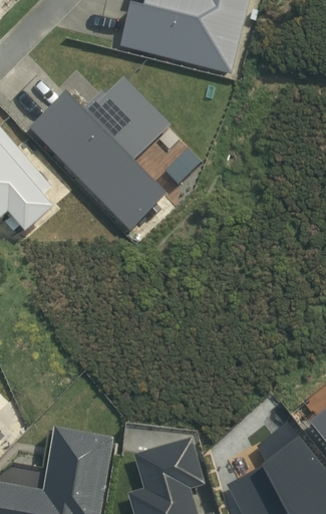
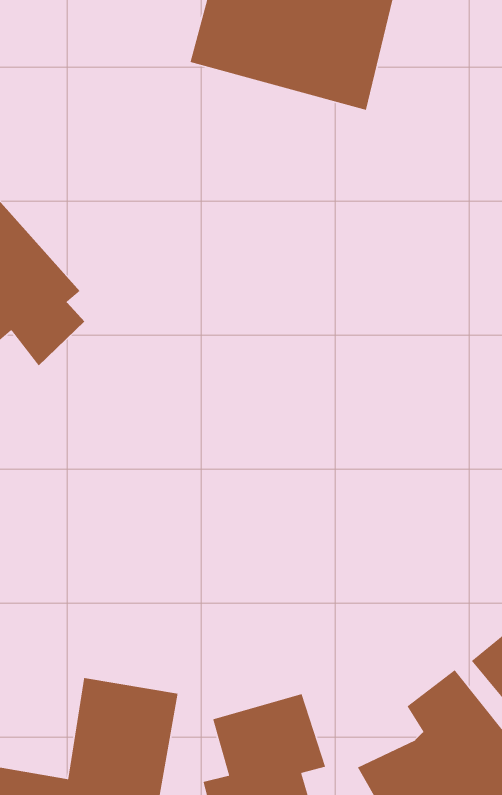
building: [29,76,172,230] -> none

